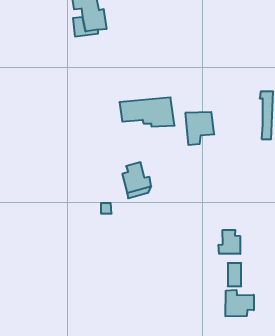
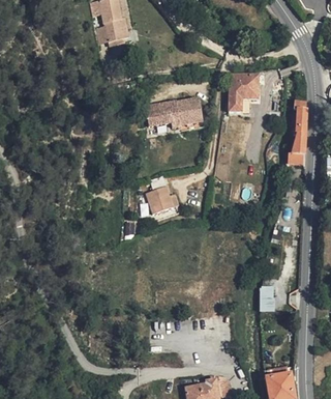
building: [185,112,214,145] -> [229,77,260,112]
building: [219,230,240,254] -> none
building: [226,290,254,316] -> none

